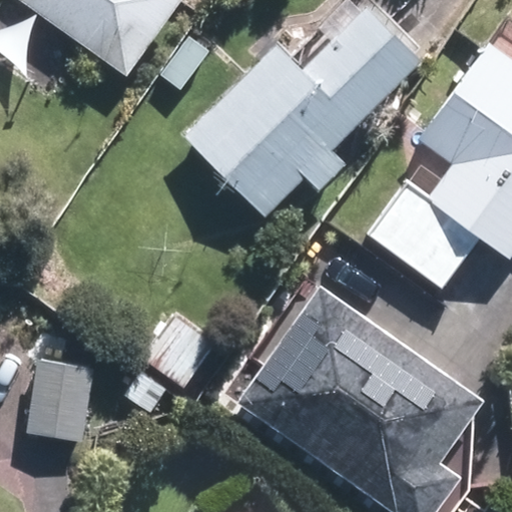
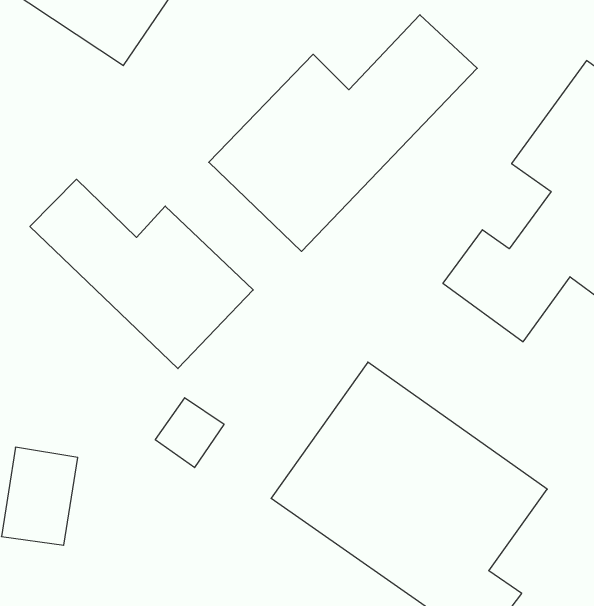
building: none -> [30,179,253,369]

